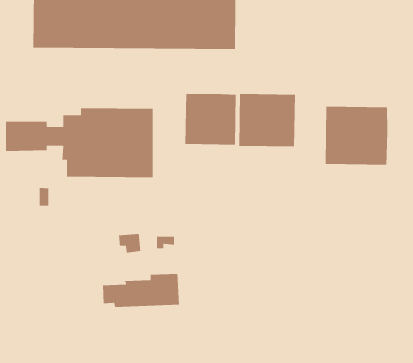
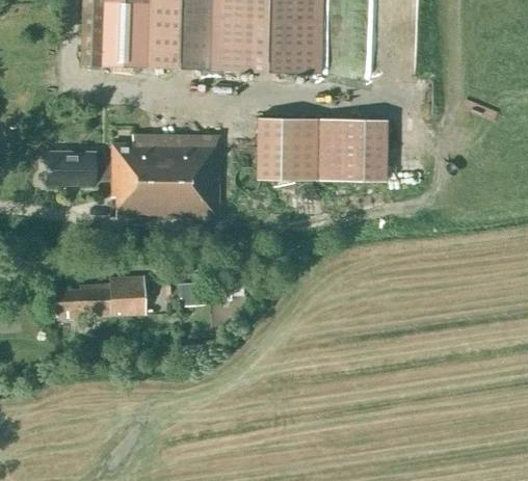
building: [325,106,388,166] -> none
building: [102,273,180,308] -> [55,277,147,318]

